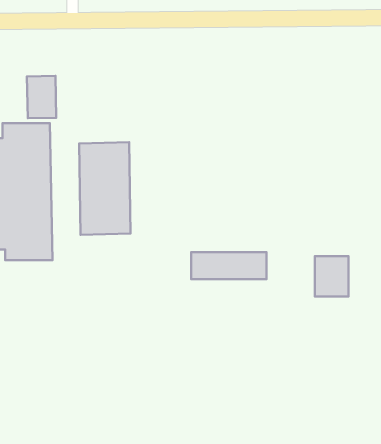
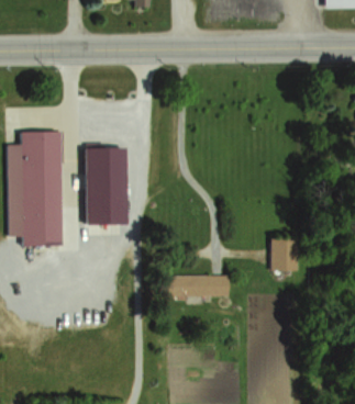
building: [27,76,56,118] -> none
building: [191,252,267,279] -> [170,276,232,298]

